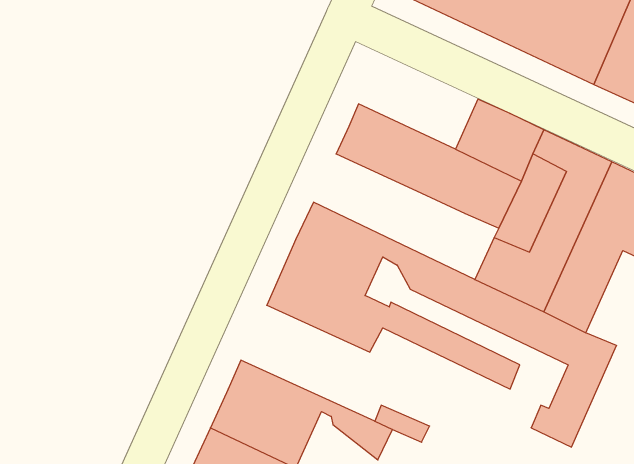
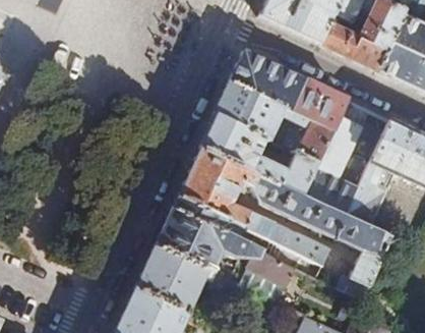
building: none -> [229,51,304,111]
building: none -> [200,114,317,193]
building: none -> [155,210,296,284]

